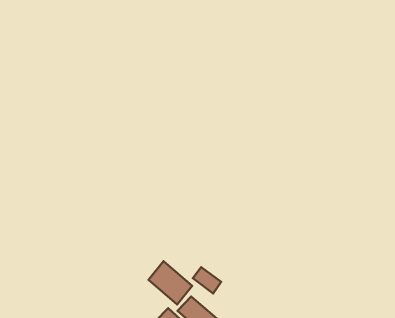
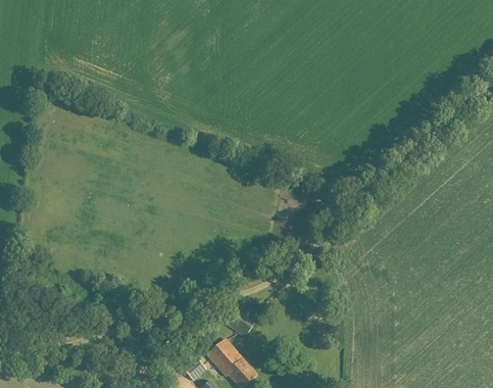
building: [149,261,192,305] -> none

